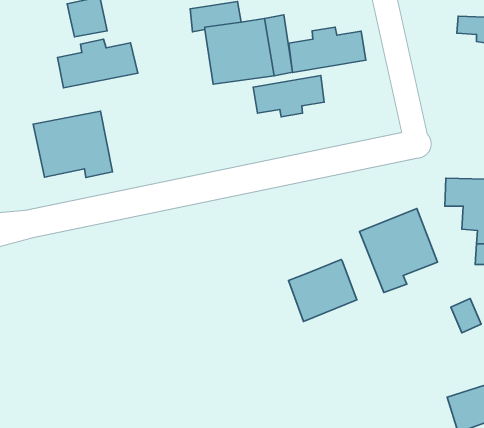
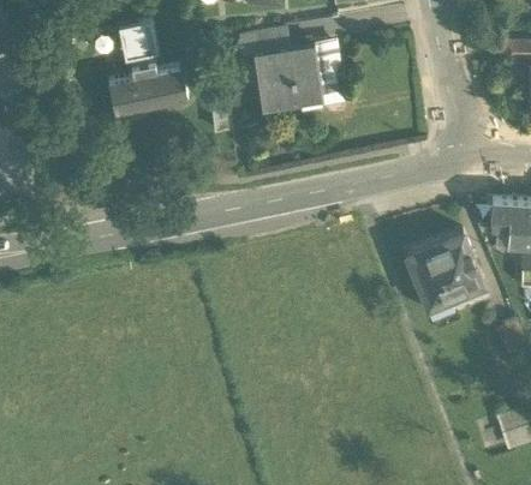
building: [289,27,366,72] -> none
building: [253,76,324,117] -> none
building: [33,111,113,178] -> none
building: [289,259,357,321] -> none

